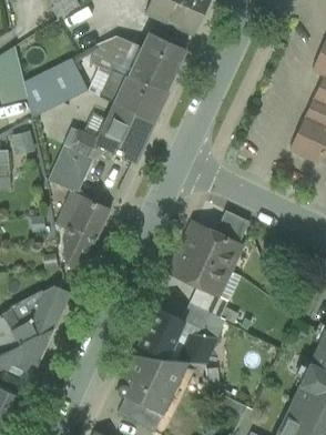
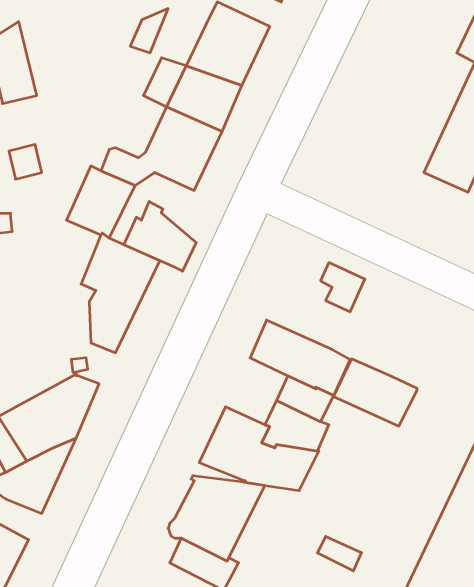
building: [104,38,142,77] -> none
building: [37,58,88,108] -> none
building: none -> [124,201,196,271]
building: [183,223,240,269] -> [333,359,417,426]

